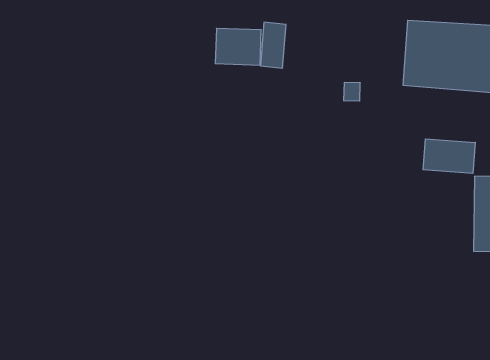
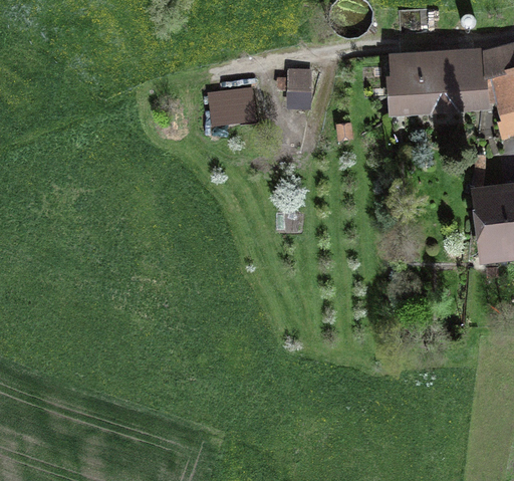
building: [260,22,286,68] -> [286,66,310,108]
building: [423,139,475,173] -> none

